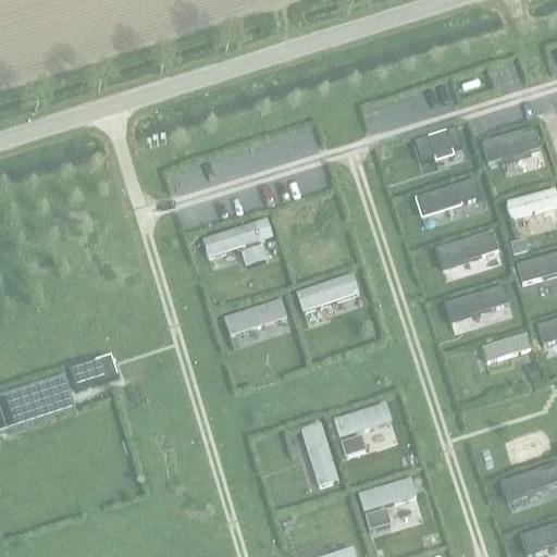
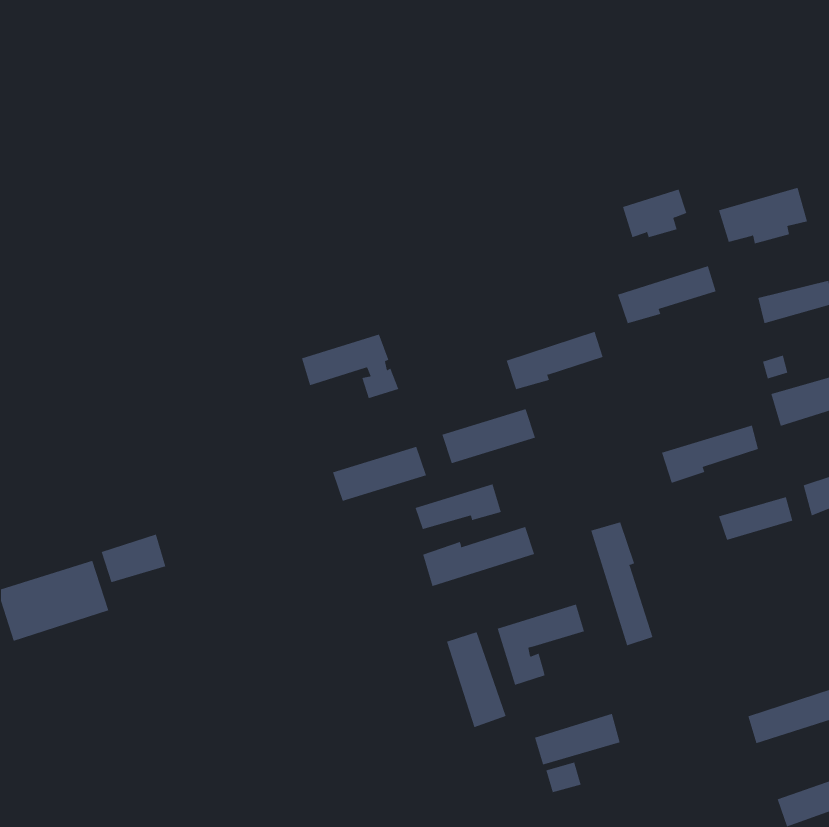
building: [434,230,499,269] -> [506,331,603,390]
building: none -> [415,484,502,530]
building: none -> [590,521,653,646]
building: none -> [422,526,535,587]

